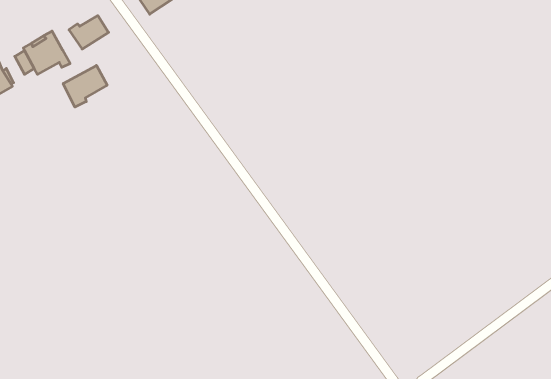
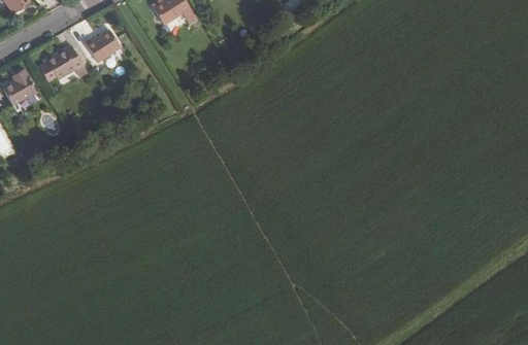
building: [63,65,107,107] -> none

